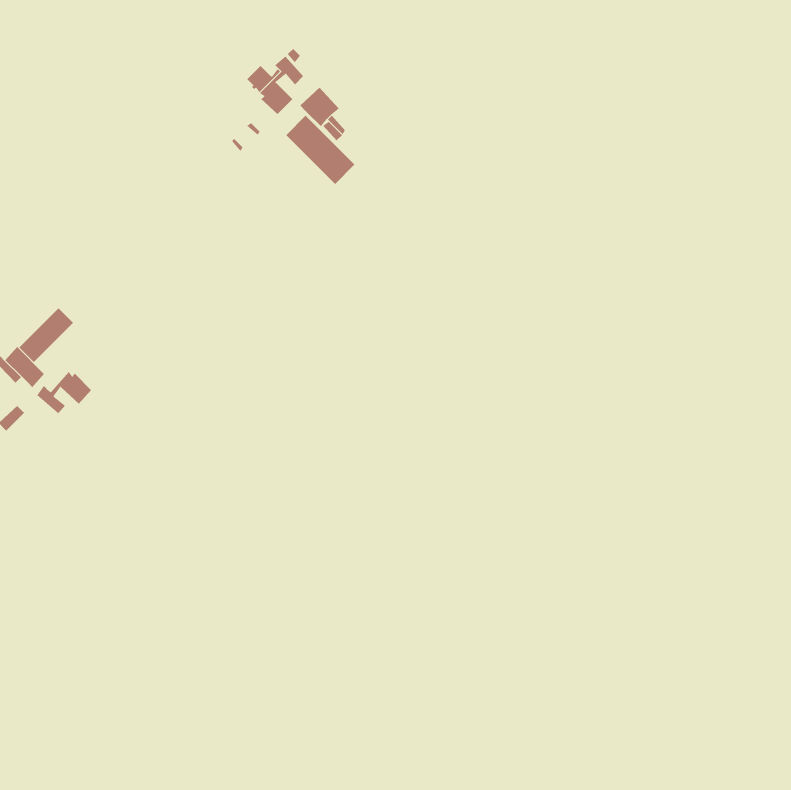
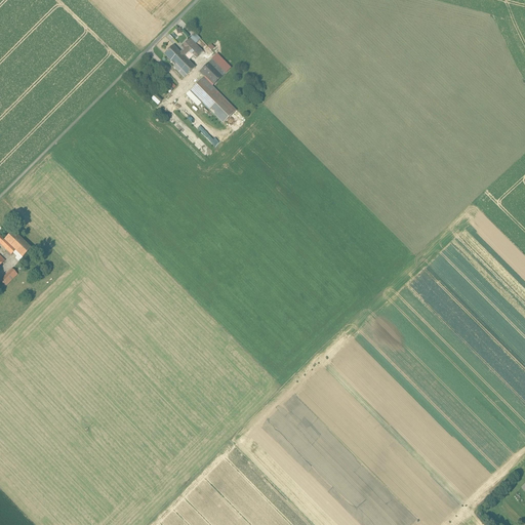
building: [18,307,74,363] -> none
building: [36,371,92,414] -> none

